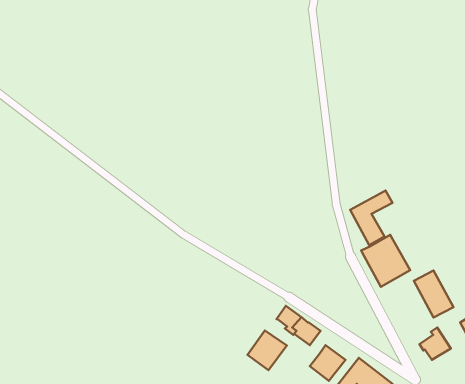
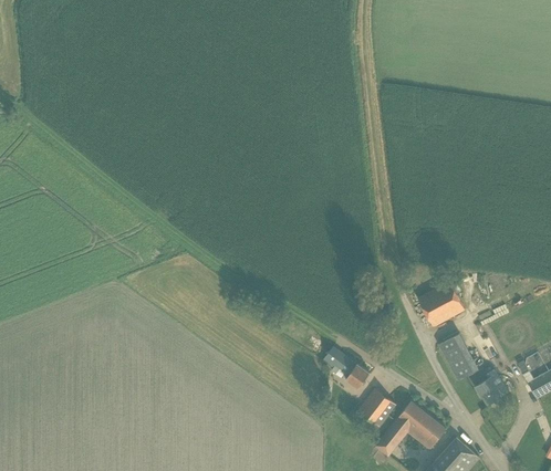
building: [350,191,392,245] -> none
building: [414,271,453,317] -> [437,332,479,381]
building: [247,330,287,370] -> none

